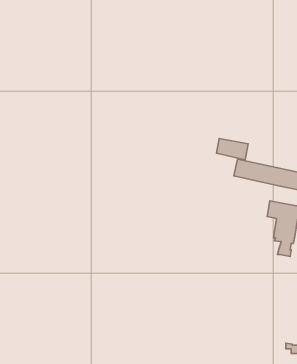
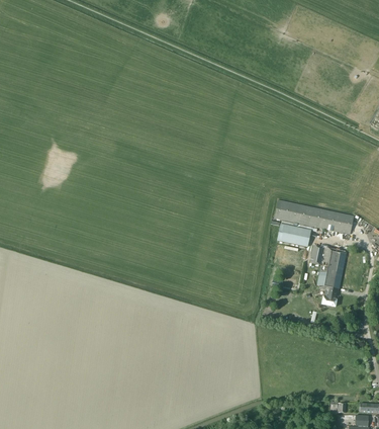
building: [217,138,248,160] -> [277,224,311,247]

